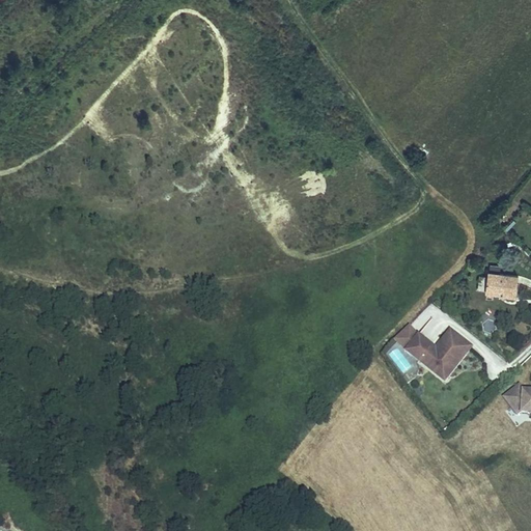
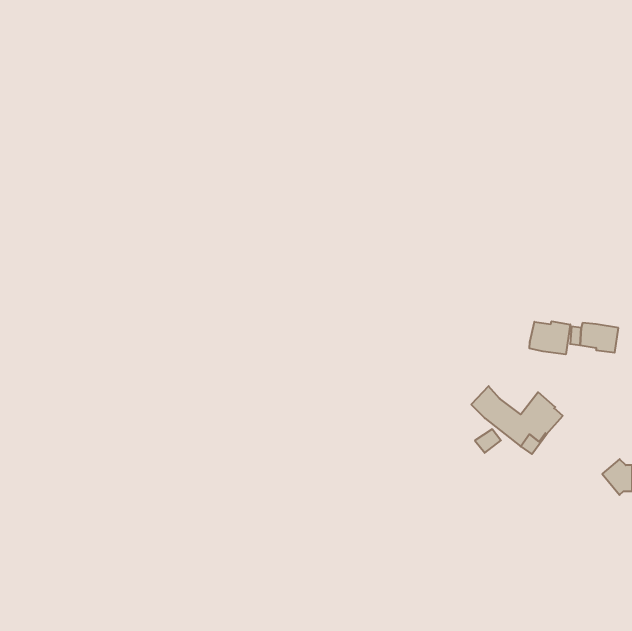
building: none -> [529,321,570,354]

